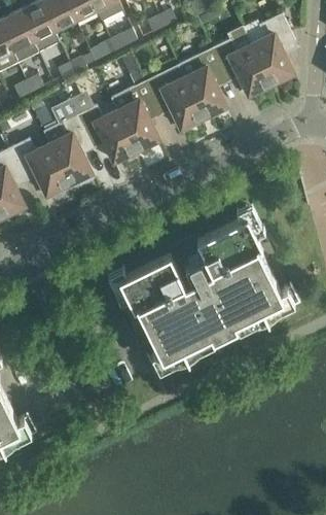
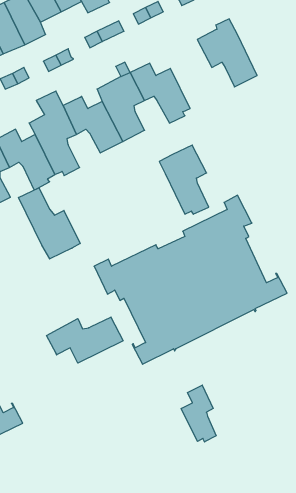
building: [242,13,294,84] -> none
building: [177,48,226,117] -> [159,145,209,214]
building: none -> [19,188,80,259]
building: none -> [47,317,123,363]
building: none -> [181,385,216,442]

